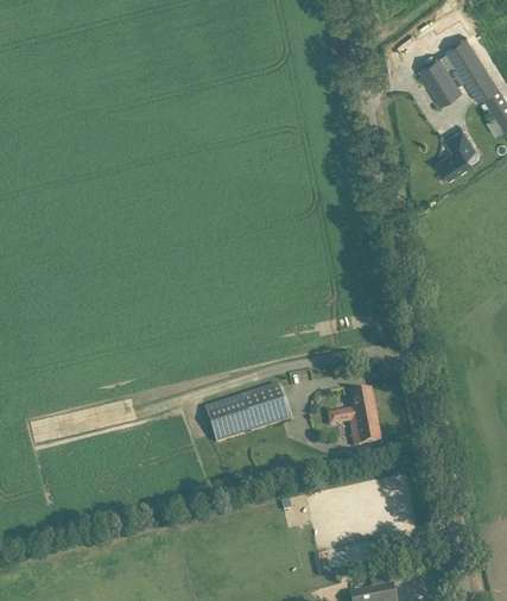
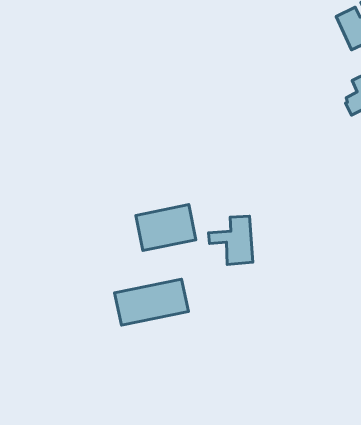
building: none -> [136,205,196,251]
building: [327,388,380,445] -> [209,216,253,264]

